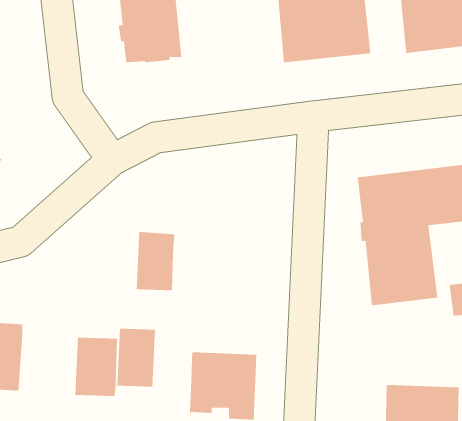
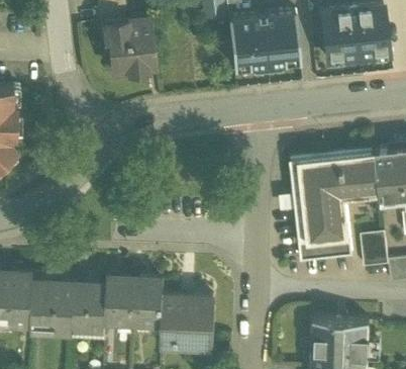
building: [136,232,175,291] -> [134,276,165,321]
building: none -> [31,280,76,331]

